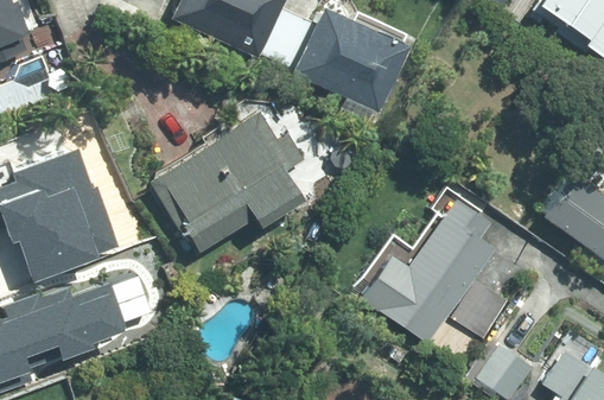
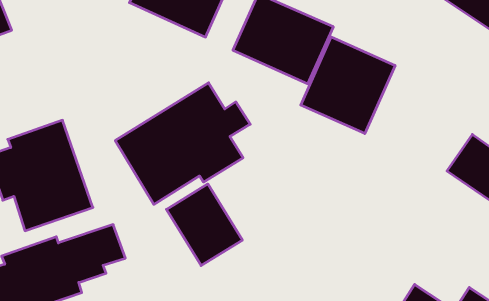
building: none -> [301,37,395,134]
building: [357,196,509,343] -> none
building: none -> [166,184,242,266]

